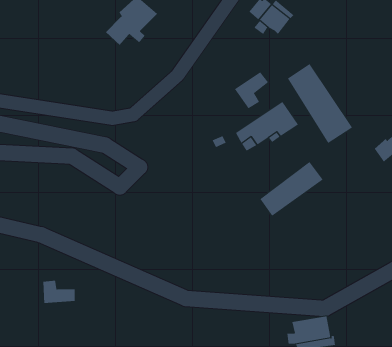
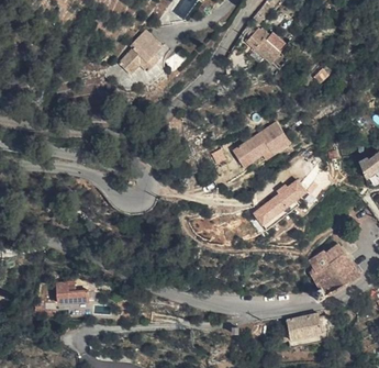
building: [287,63,353,144] -> none
building: [234,71,269,109] -> none
building: none -> [305,245,356,299]

